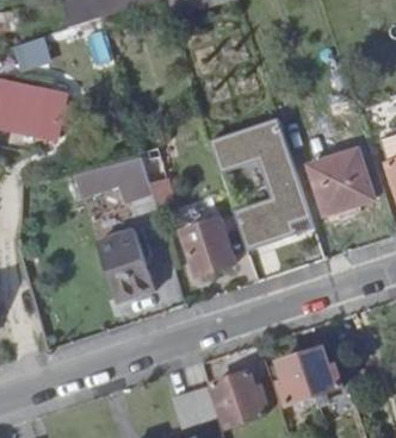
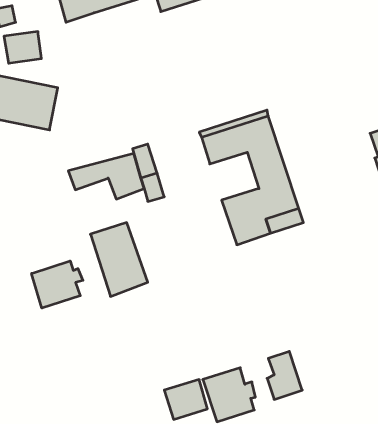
building: [308,94,379,213] -> none
building: [181,218,233,274] -> none
building: none -> [32,261,83,308]
building: [299,351,340,399] -> none

